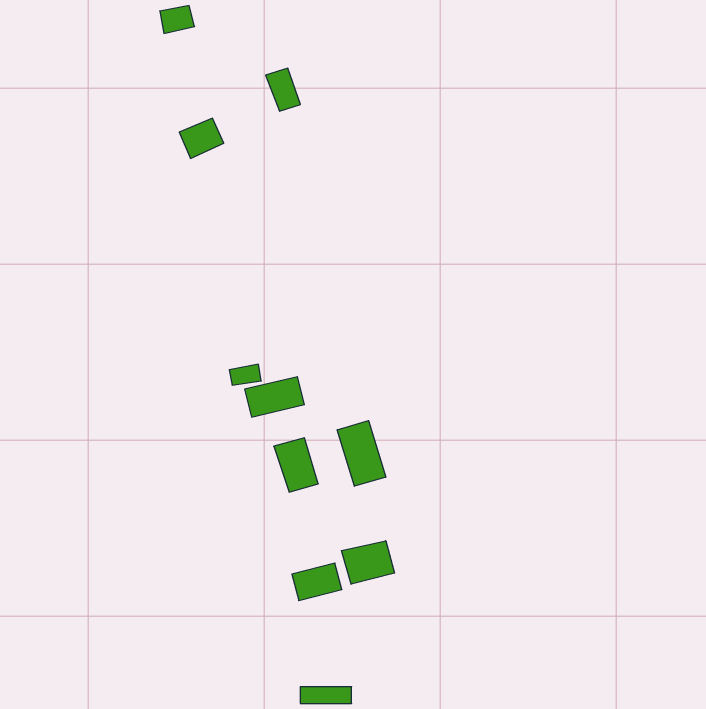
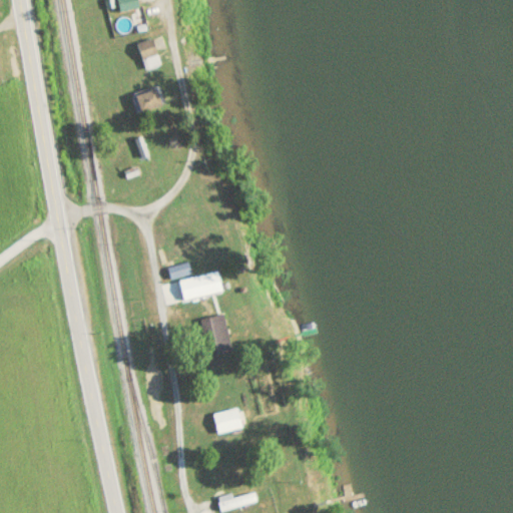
building: [266,68,300,111] -> [136,38,161,69]
building: [337,421,386,486] -> none
building: [341,541,395,584] -> none

